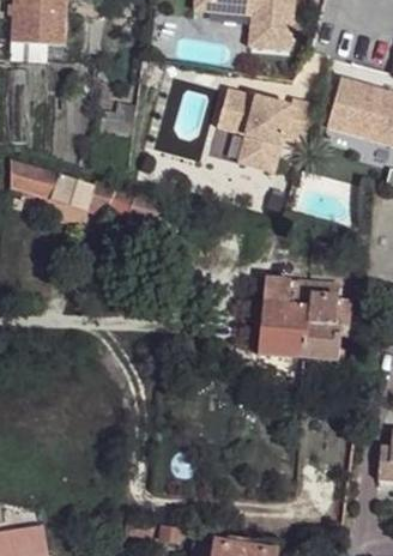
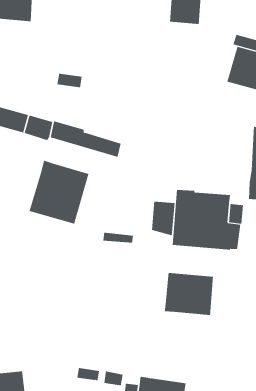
building: [218,89,315,173] -> none
building: none -> [29,160,89,224]
building: none -> [152,201,175,236]
building: none -> [164,272,214,316]

